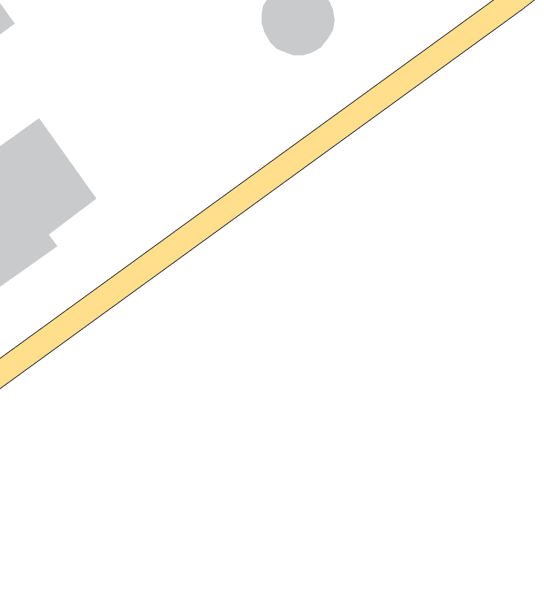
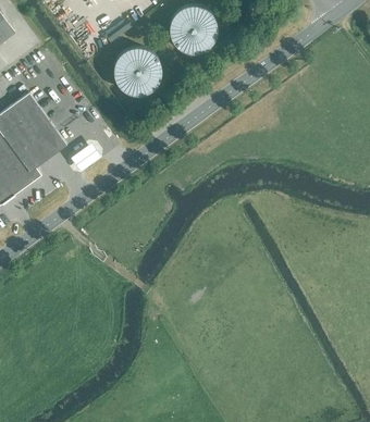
building: none -> [114,47,161,95]

